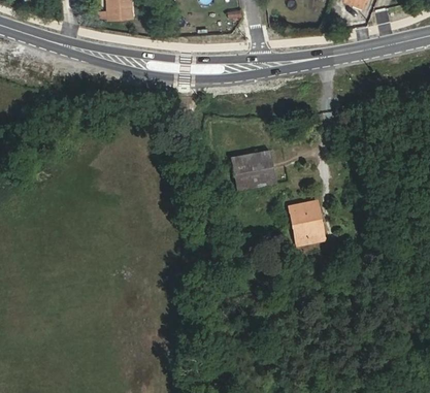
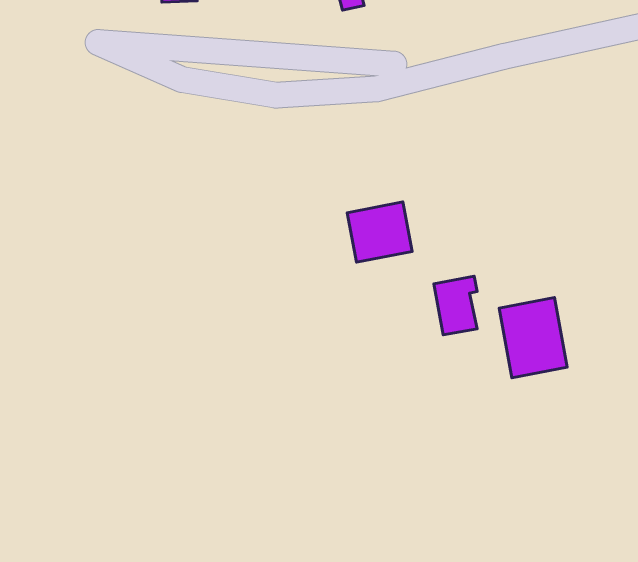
building: none -> [499,298,567,378]

